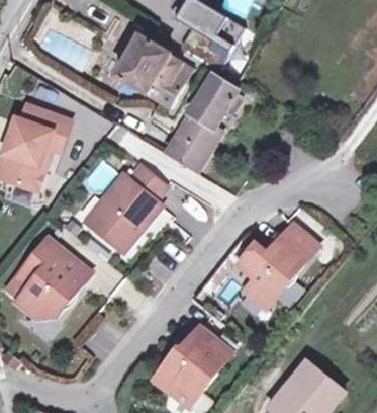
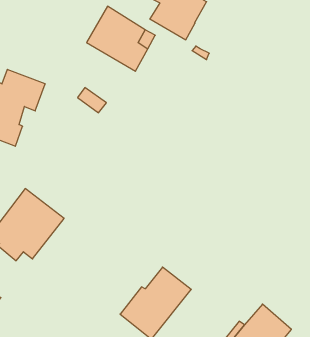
building: [163,74,232,172] -> none
building: [87,164,165,250] -> none
building: [238,223,313,303] -> none

